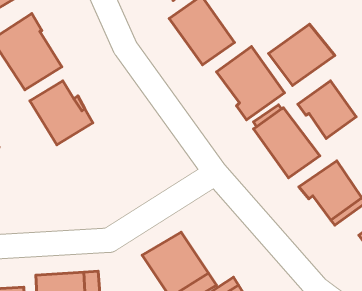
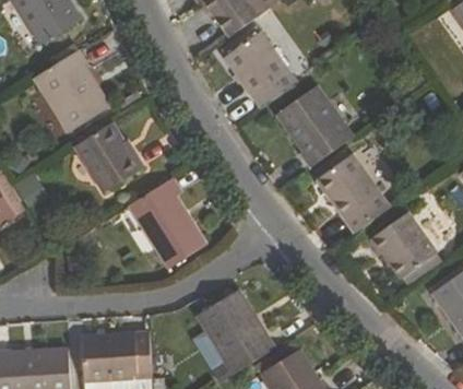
building: [268,24,335,86] -> none
building: [298,81,356,138] -> none
building: none -> [127,179,206,270]

